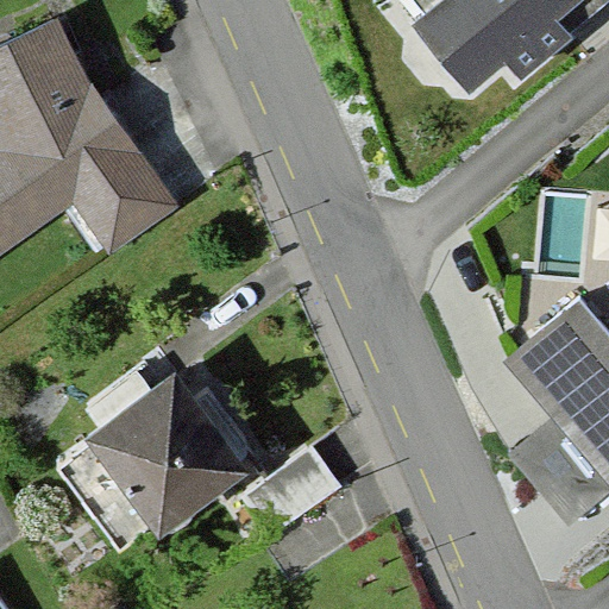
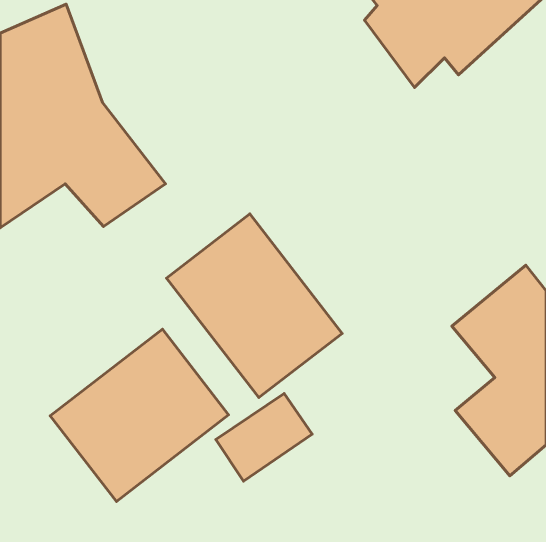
building: none -> [167,214,342,398]

